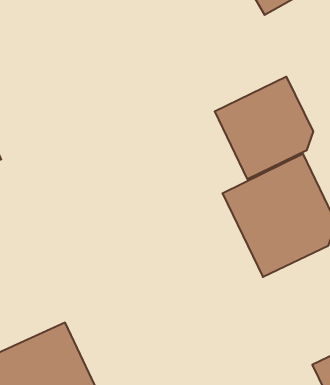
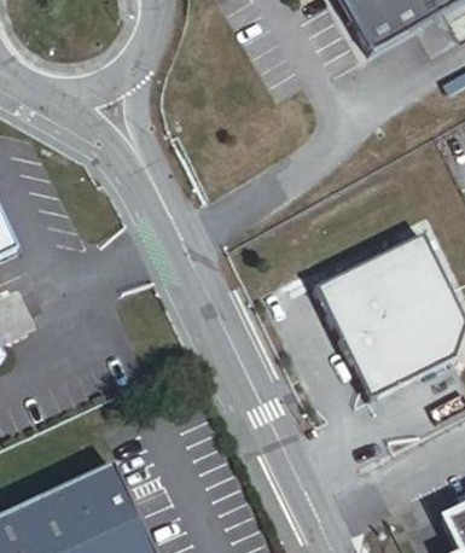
building: [215,77,313,179] -> none

